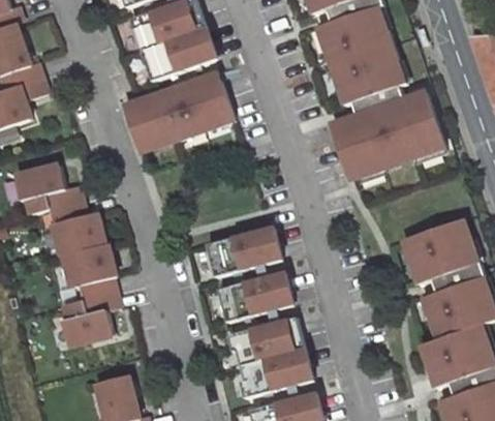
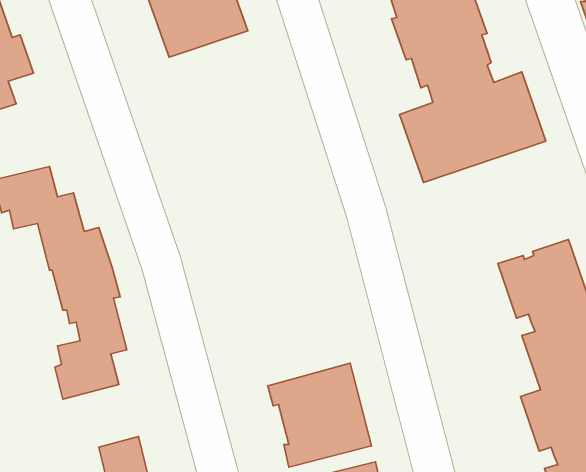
building: [125,72,234,144] -> none
building: [207,228,278,276] -> none
building: [218,273,289,322] -> none

